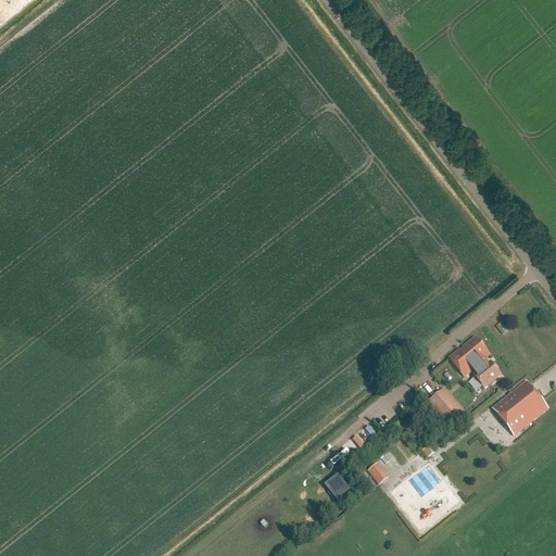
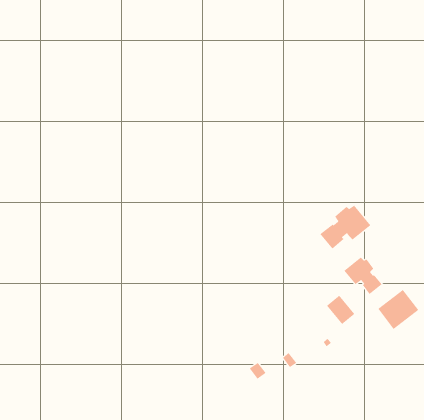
building: none -> [320,205,371,250]

